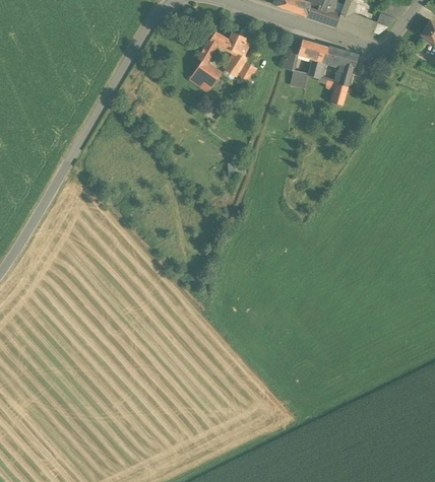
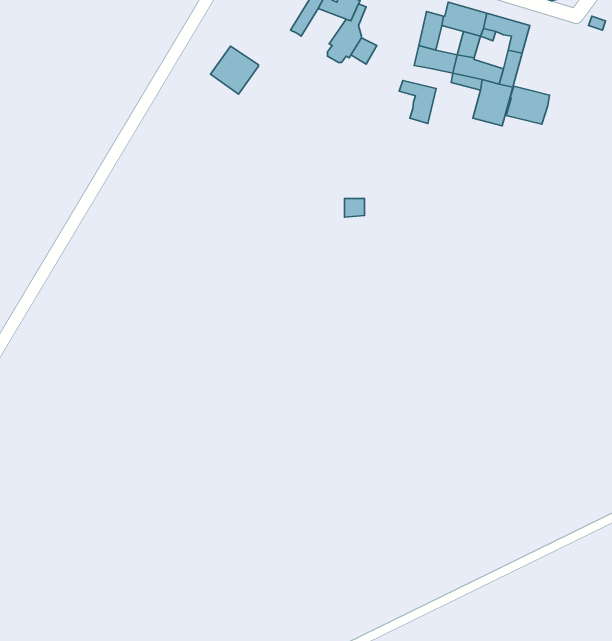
building: [190,59,222,90] -> [211,46,258,94]
building: none -> [399,80,436,123]
building: none -> [506,86,549,124]

